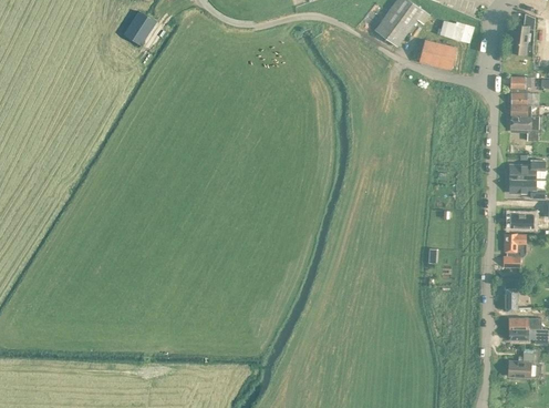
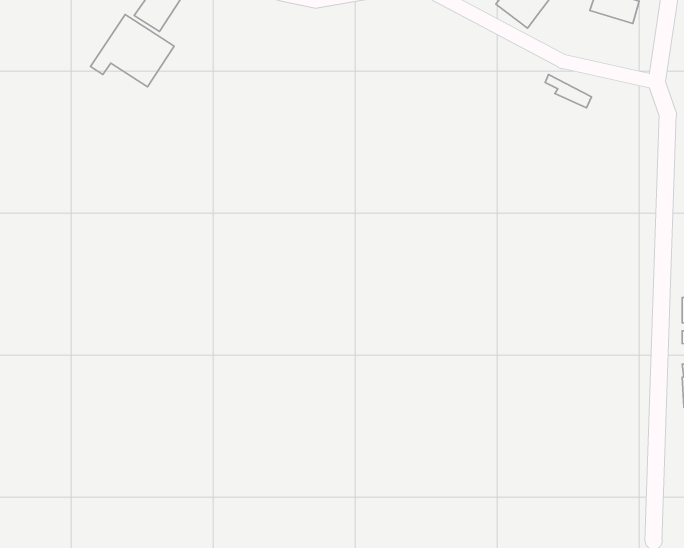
building: none -> [91,14,174,87]
building: [418,39,456,69] -> none

